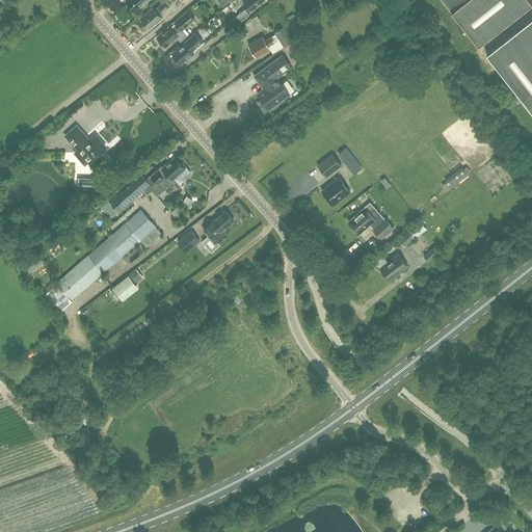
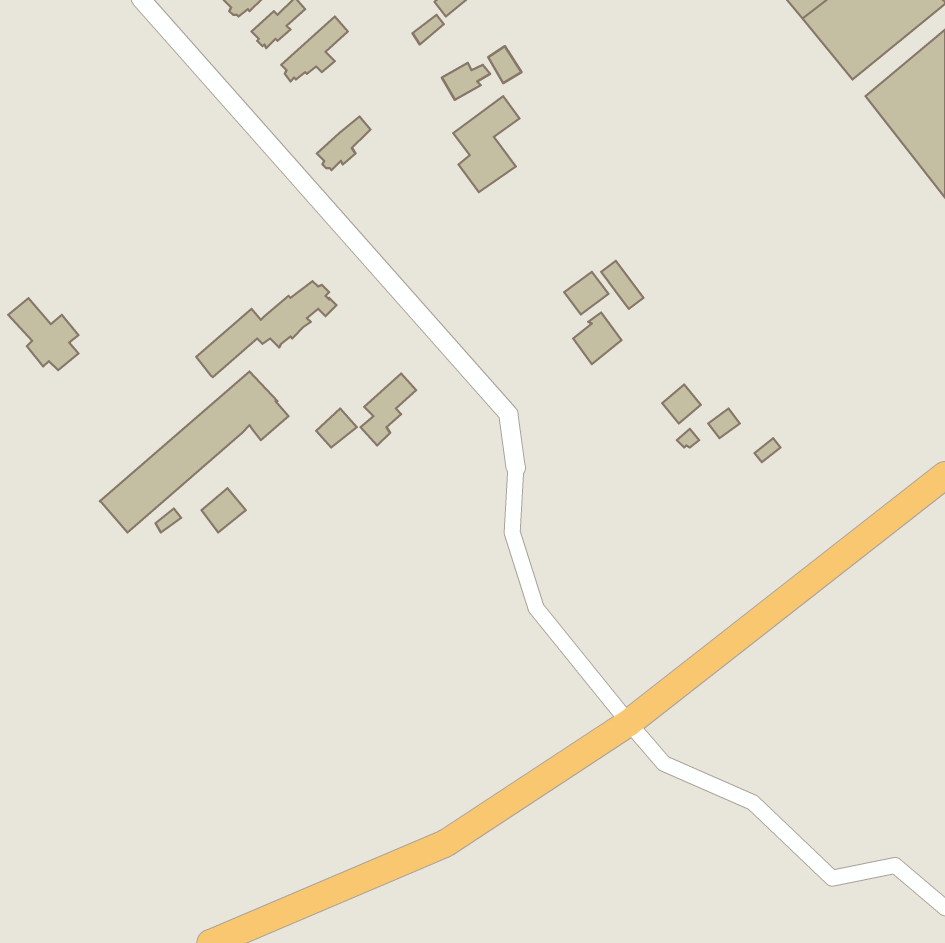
building: [172,32,203,62] -> [317,116,370,170]
building: [65,126,105,166] -> [8,298,78,370]
building: [349,206,384,233] -> none
building: [376,252,407,278] -> none

